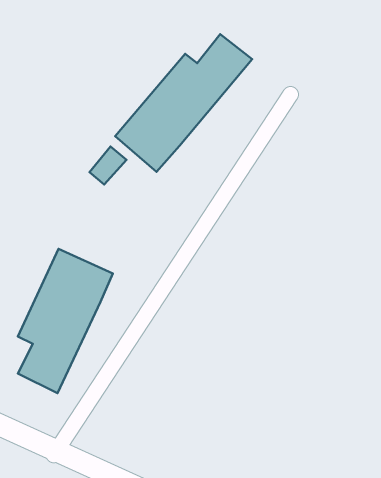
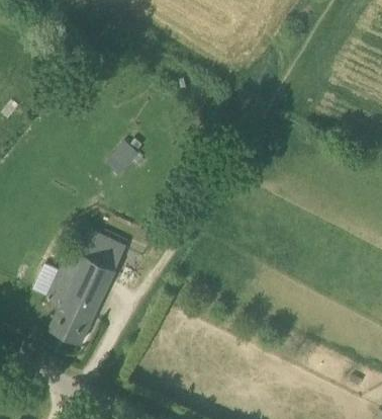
building: [115,34,252,172] -> none

